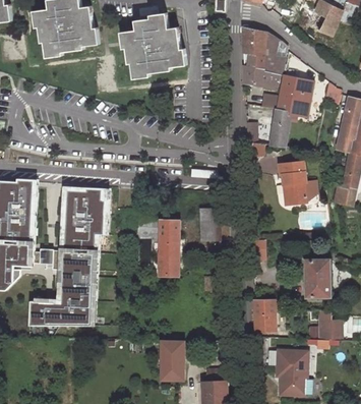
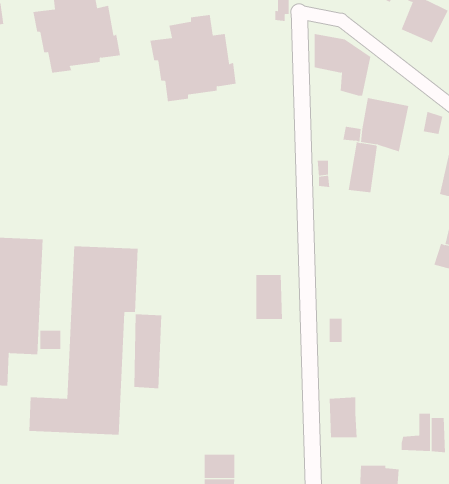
building: [242,53,276,89] -> none
building: [277,161,305,205] -> none
building: [158,220,179,276] -> [133,314,162,389]
building: [304,258,329,297] -> none

